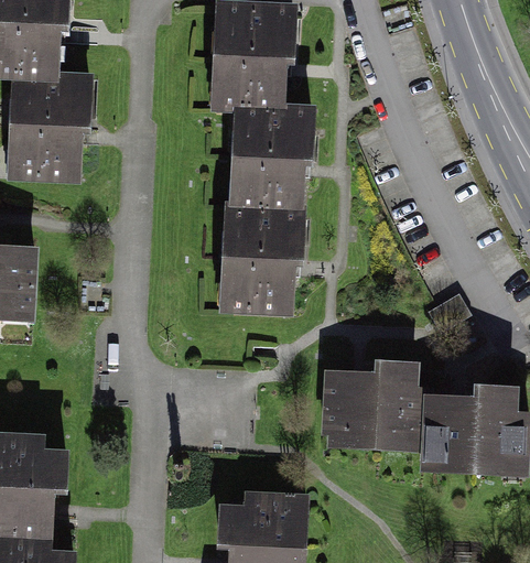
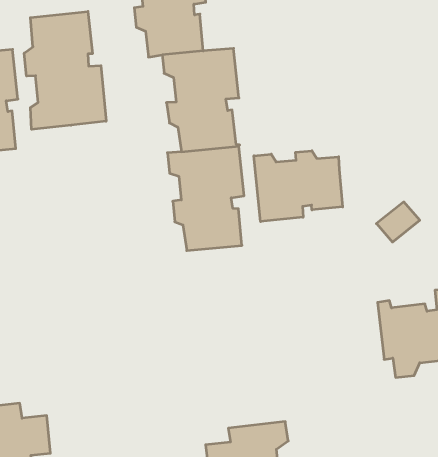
building: none -> [24,11,106,129]
building: none -> [254,151,343,222]
building: [324,364,417,450] -> none

